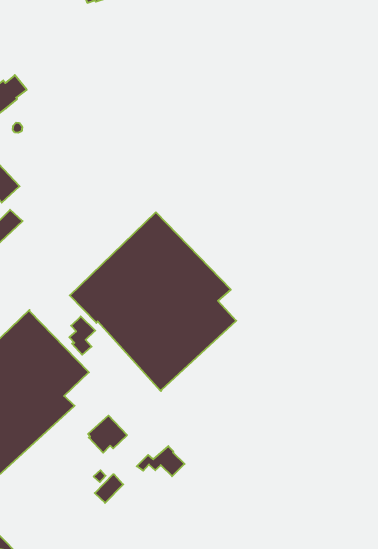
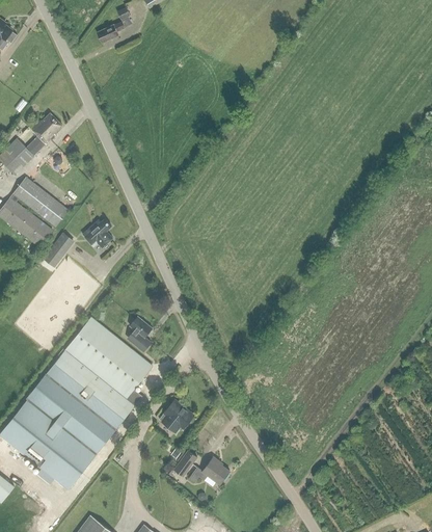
building: none -> [82,218,112,247]
building: [70,212,236,391] -> none
building: [137,446,185,476] -> [189,456,231,482]

